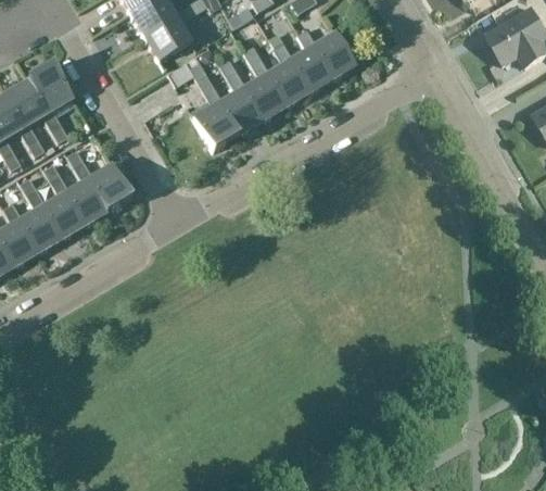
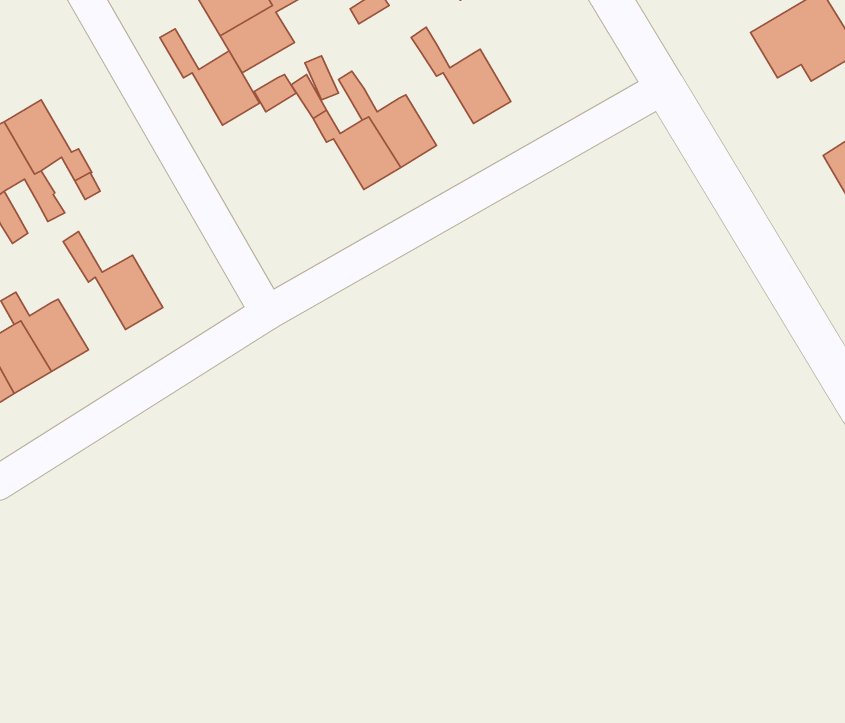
building: [296,28,354,79] -> none
building: [243,46,306,108] -> none
building: [28,64,72,112] -> none
building: [189,100,236,150] -> none
building: [66,150,130,212] -> [160,29,260,125]
building: [20,177,82,239] -> none

